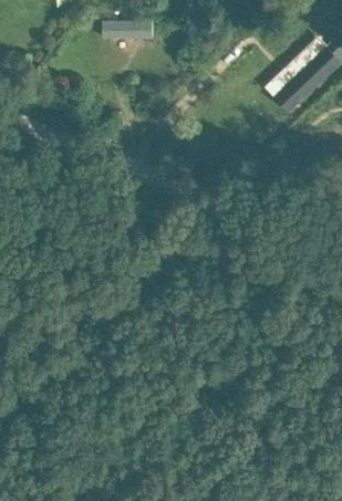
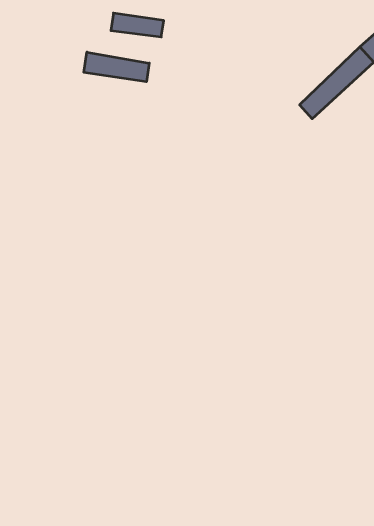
building: none -> [84,52,149,82]

